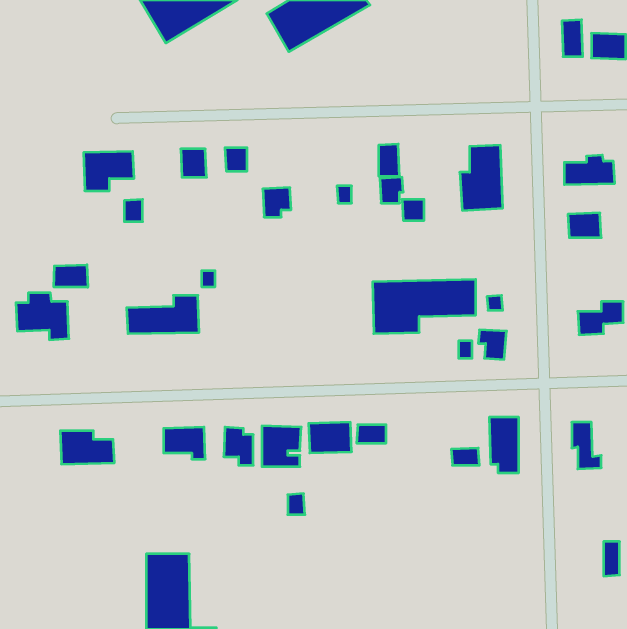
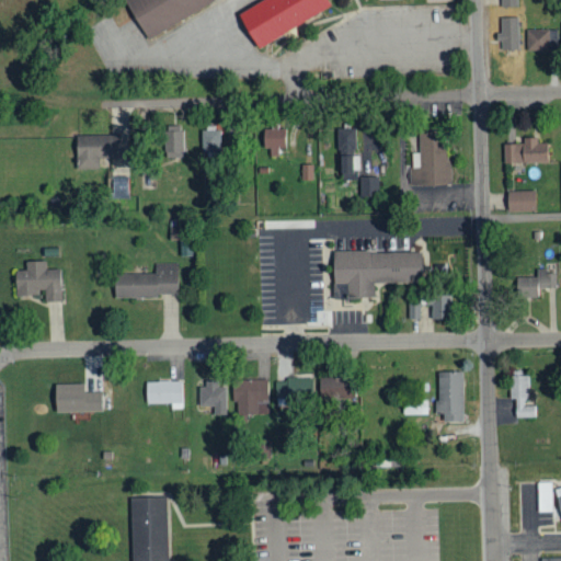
building: [263,188,291,217] -> [262,128,287,154]
building: [54,265,88,287] -> none

